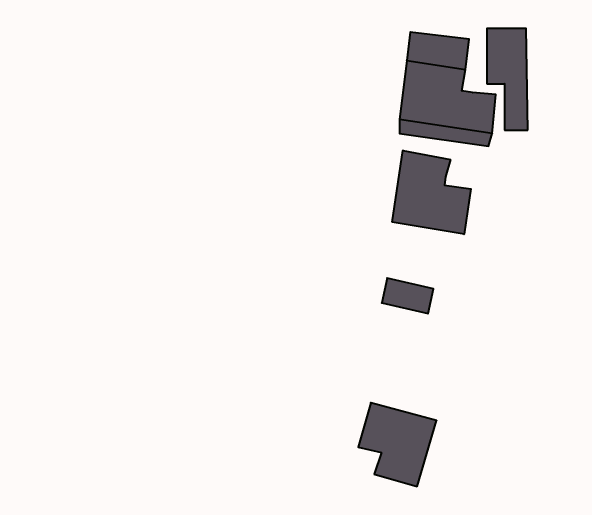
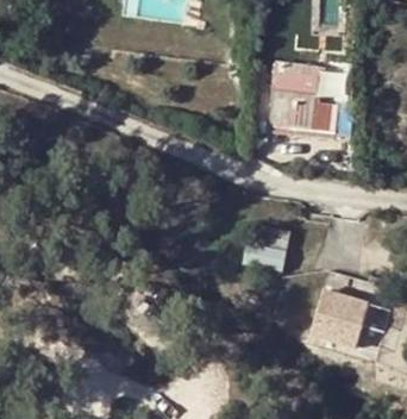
building: [392,150,471,234] -> none
building: [358,403,437,486] -> [317,290,369,346]

